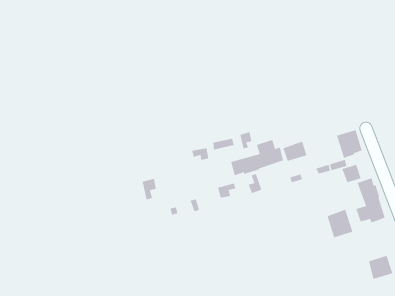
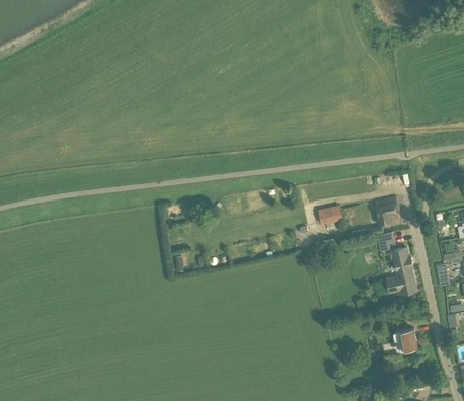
building: [231,139,284,176] -> none
building: [327,209,353,238] -> none

